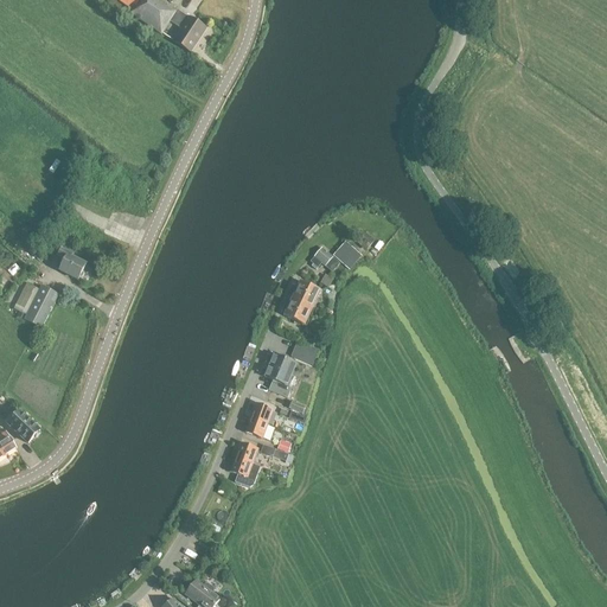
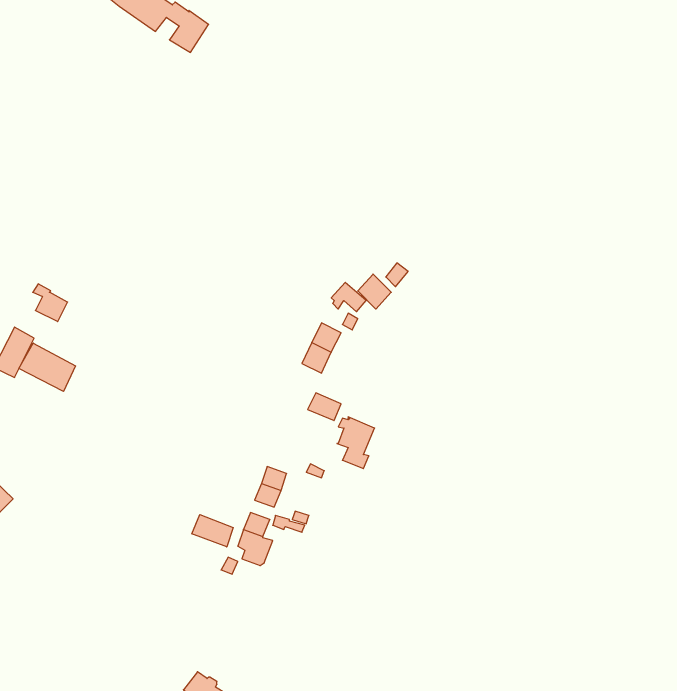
building: none -> [19,343,75,391]
building: [263,352,295,396] -> [337,417,375,469]
building: none -> [192,515,233,547]

